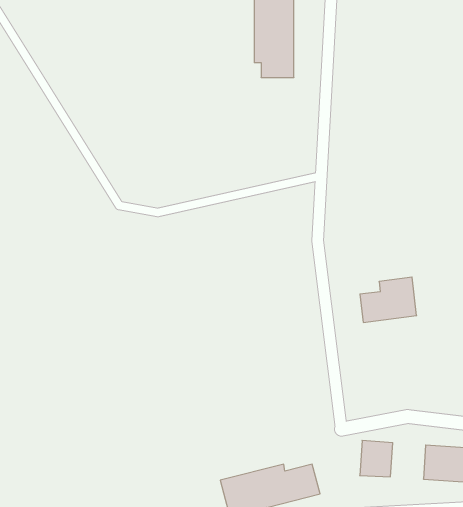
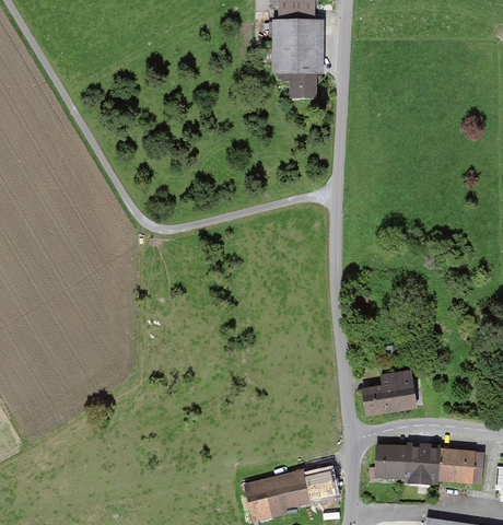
building: [360,277,417,322] -> [362,372,417,416]
building: none -> [406,447,440,482]

